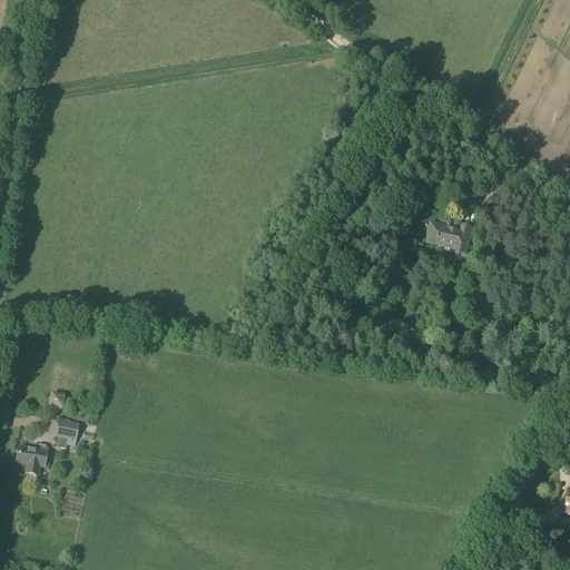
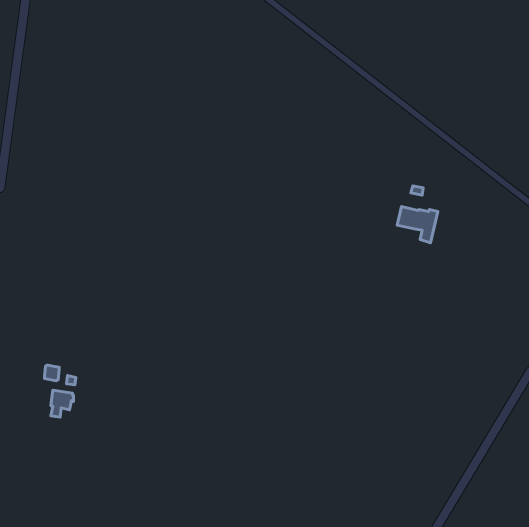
building: [16,442,48,475] -> none

